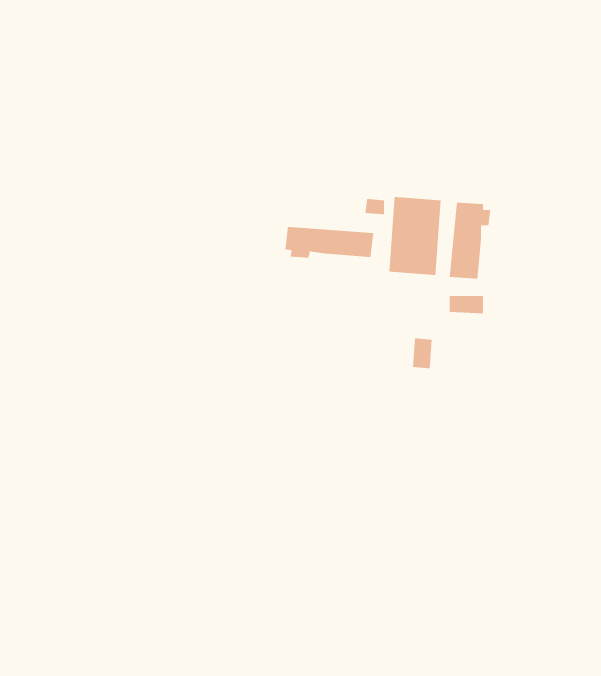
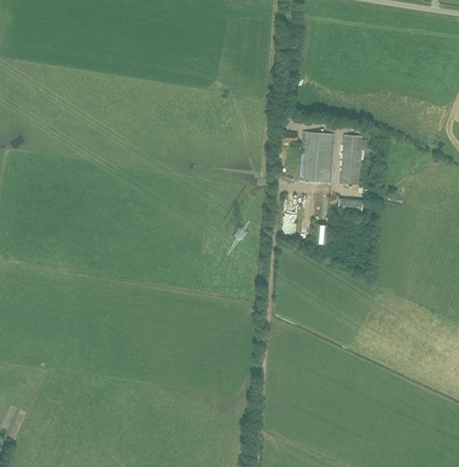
building: [285,226,374,258] -> none

